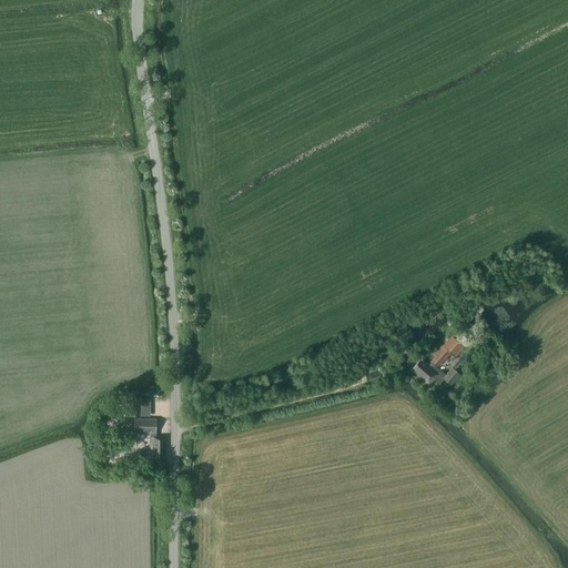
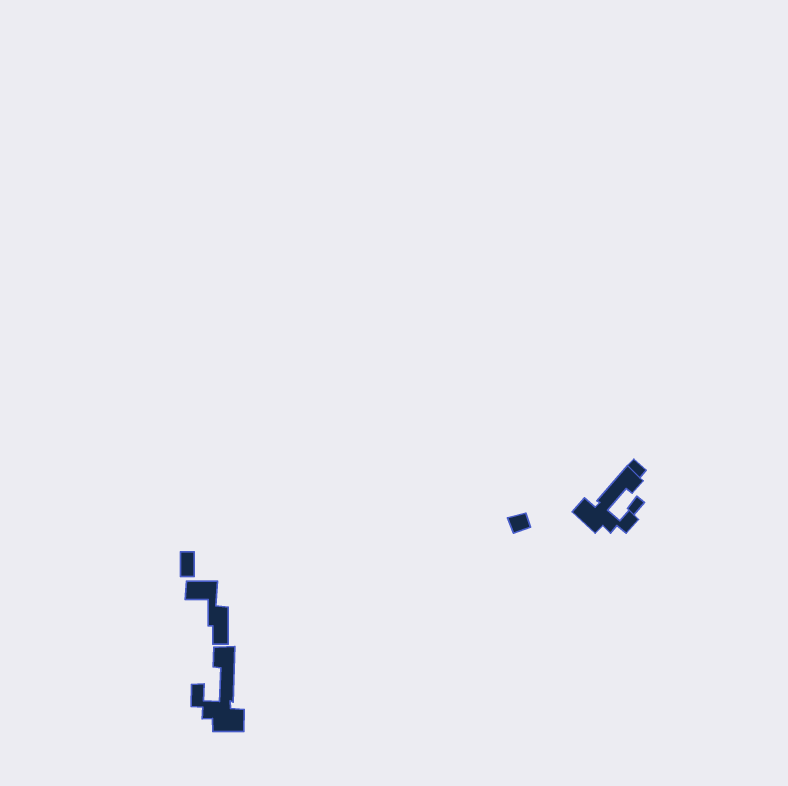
building: none -> [191,646,244,731]

